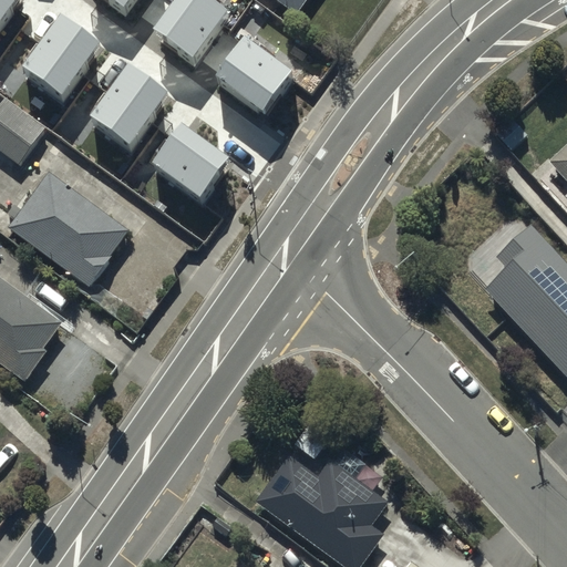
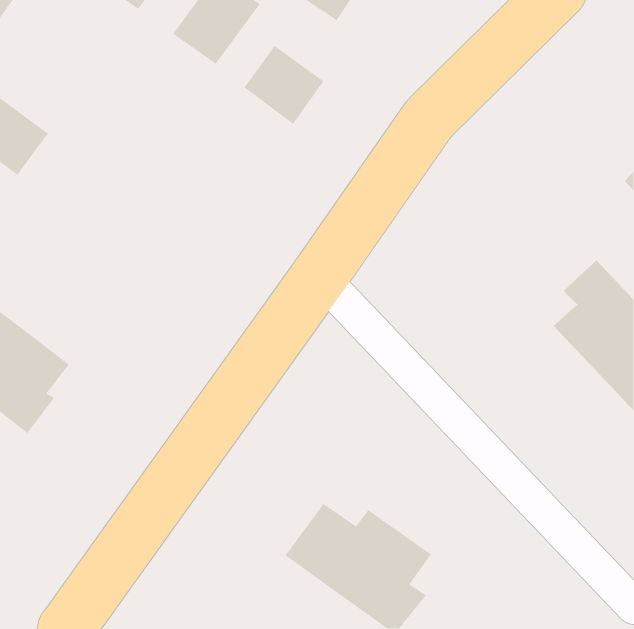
building: [22,12,100,95] -> none
building: [89,63,167,145] -> none
building: [155,126,228,197] -> none
building: [10,173,131,289] -> none

